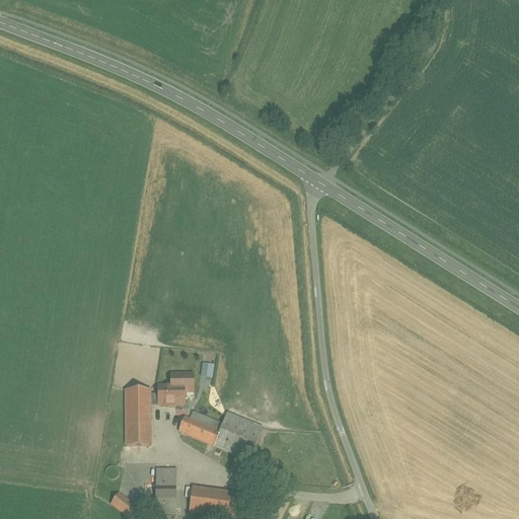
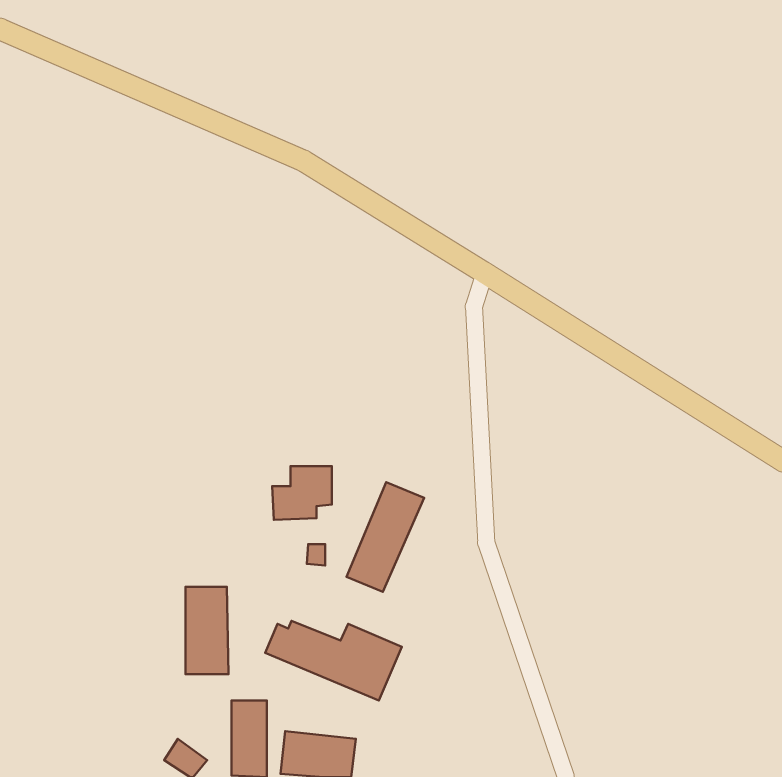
building: none -> [347,482,424,592]
building: [155,368,195,403] -> [272,466,332,520]

